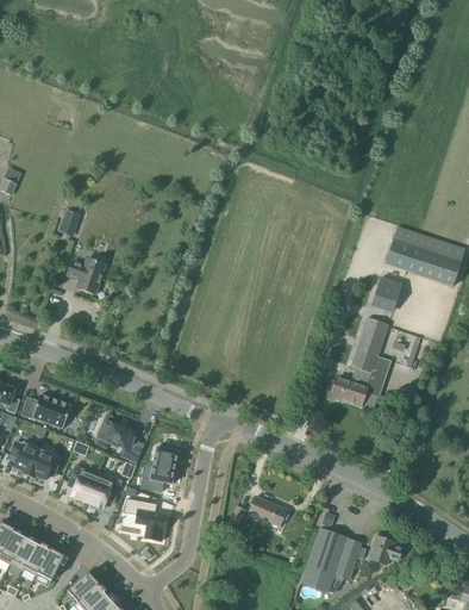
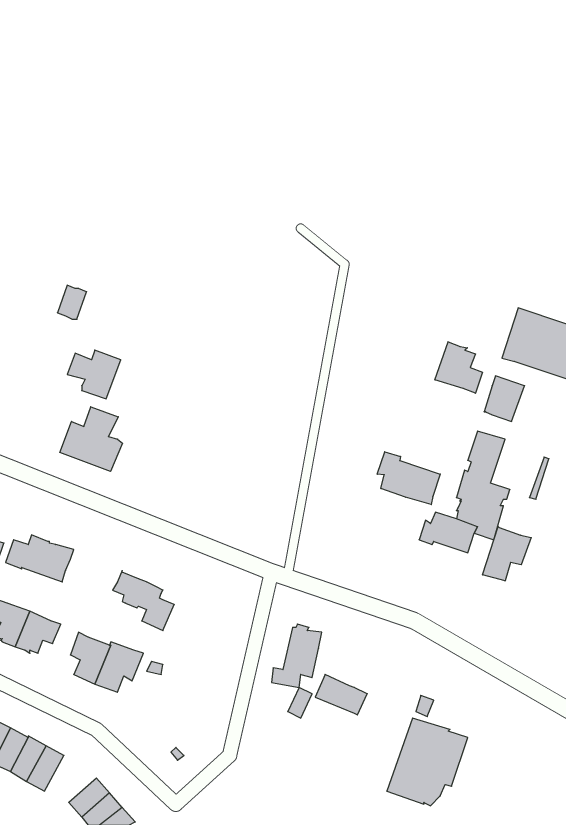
building: none -> [435,342,482,393]
building: none -> [60,407,122,471]
building: none -> [377,452,440,505]
building: none -> [483,526,531,581]
building: [140,444,177,491] -> [272,624,322,687]
building: [123,498,165,541] -> none
building: [368,535,401,564] -> none

